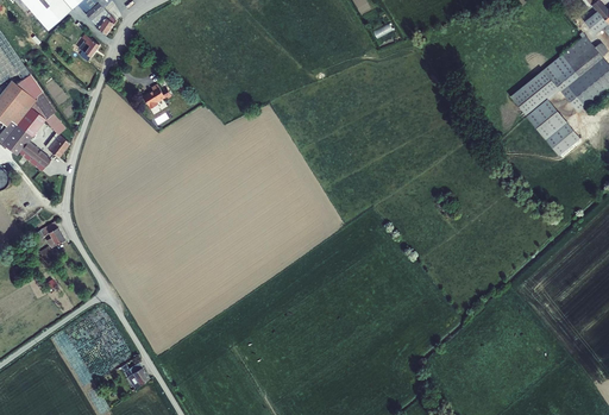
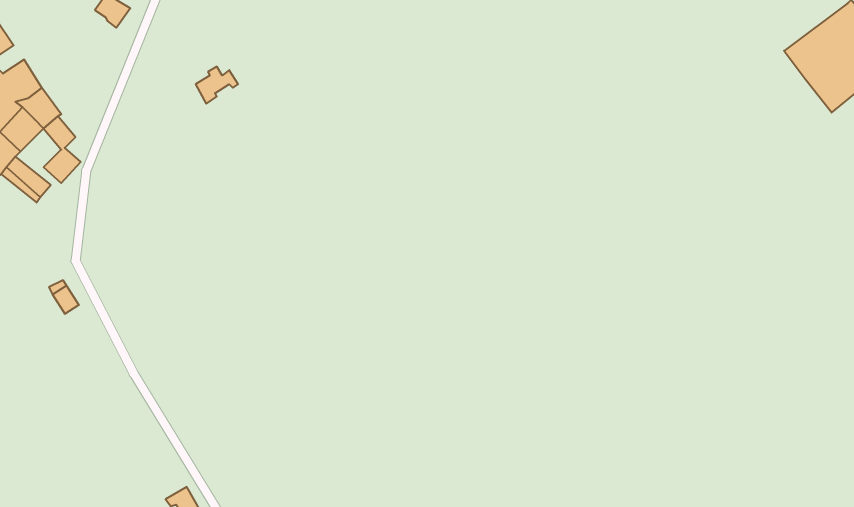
building: [508,70,575,155] -> none

